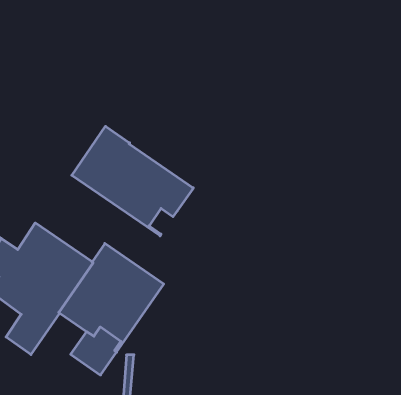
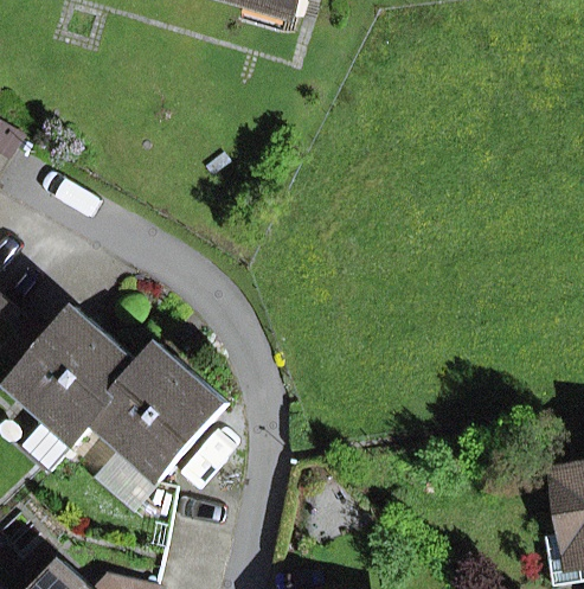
building: [72,126,193,236] -> none

